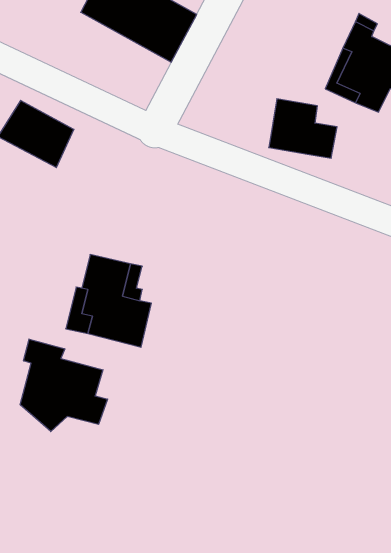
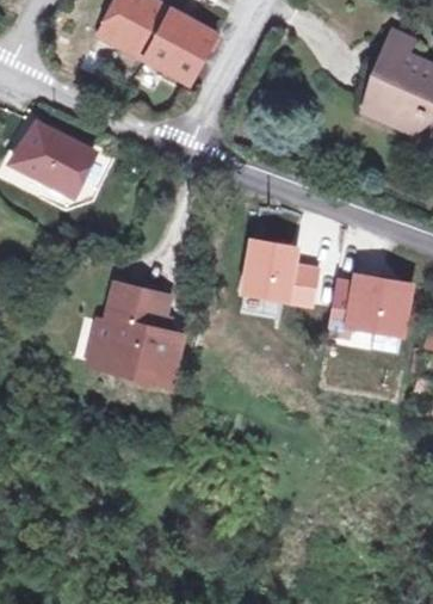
building: [269,99,337,158] -> [247,242,317,303]
building: none -> [330,277,413,333]
building: [20,339,108,432] -> none

